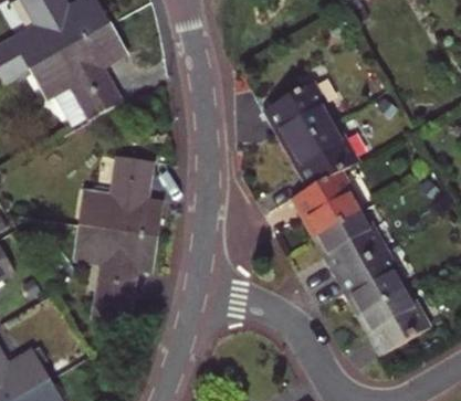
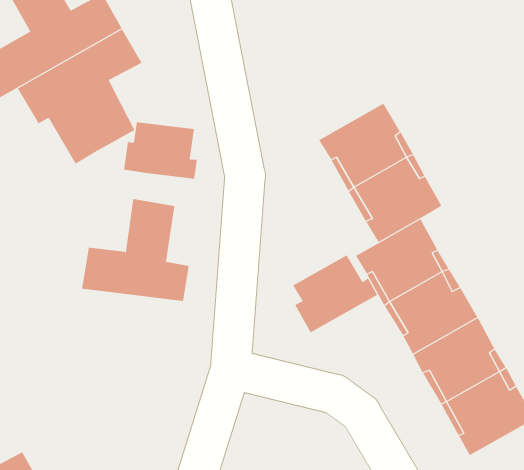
building: none -> [124,121,198,180]
building: none -> [293,255,378,333]
building: [74,224,158,325] -> none

